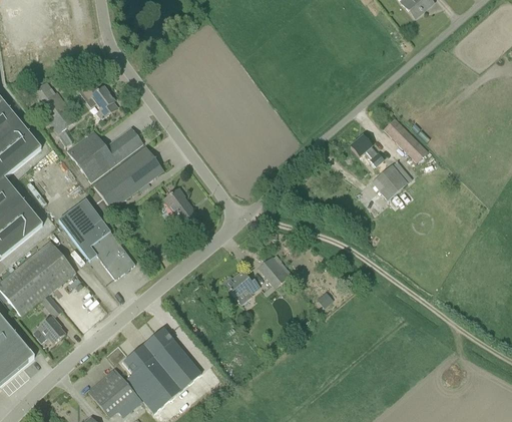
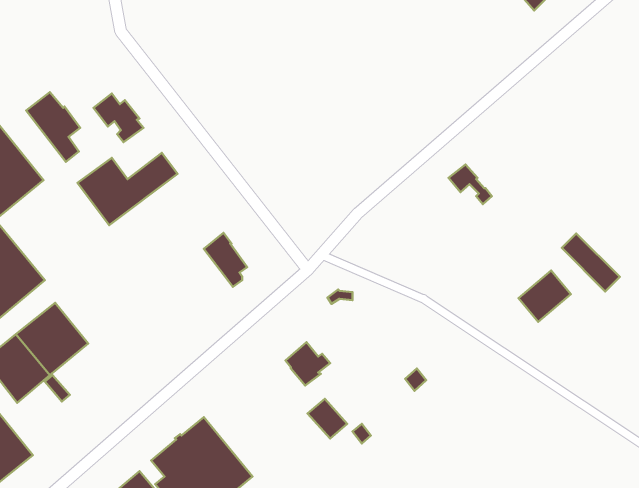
building: [383,117,427,161] -> [562,233,620,291]
building: [93,146,163,209] -> none
building: [372,160,412,199] -> [518,270,571,322]
building: [58,198,135,279] -> none
building: [259,257,289,287] -> [308,399,347,438]
building: [33,316,64,343] -> none

